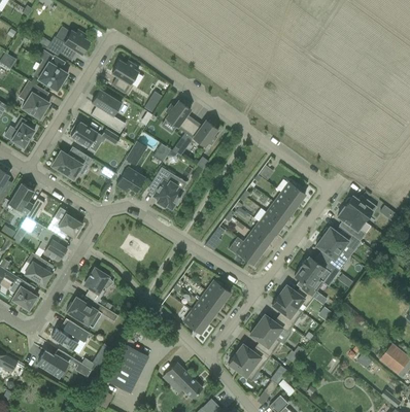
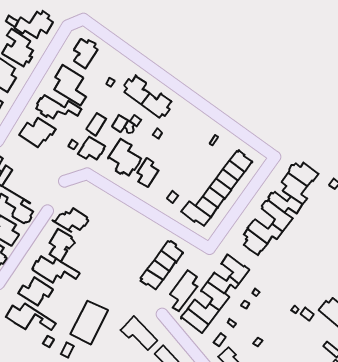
building: none -> [137,158,159,187]
building: [43,213,82,239] -> [52,208,88,232]
building: [278,285,312,308] -> none
building: none -> [170,270,198,311]

